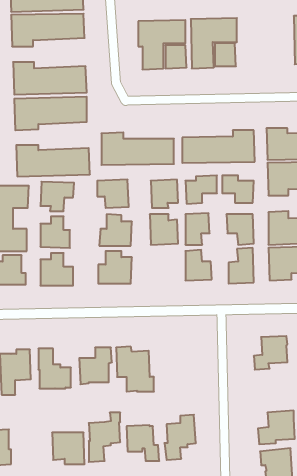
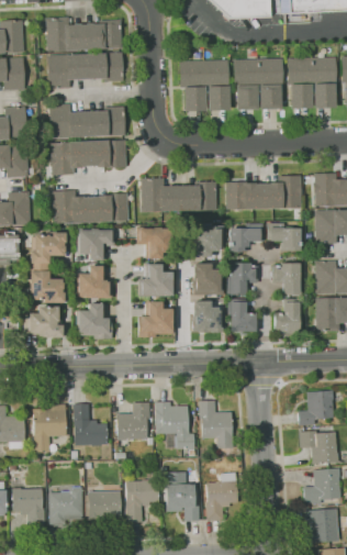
building: none -> [288,57,335,108]
building: none -> [192,301,221,332]
building: none -> [201,400,234,448]
building: none -> [300,431,339,464]
building: none -> [51,488,85,524]

